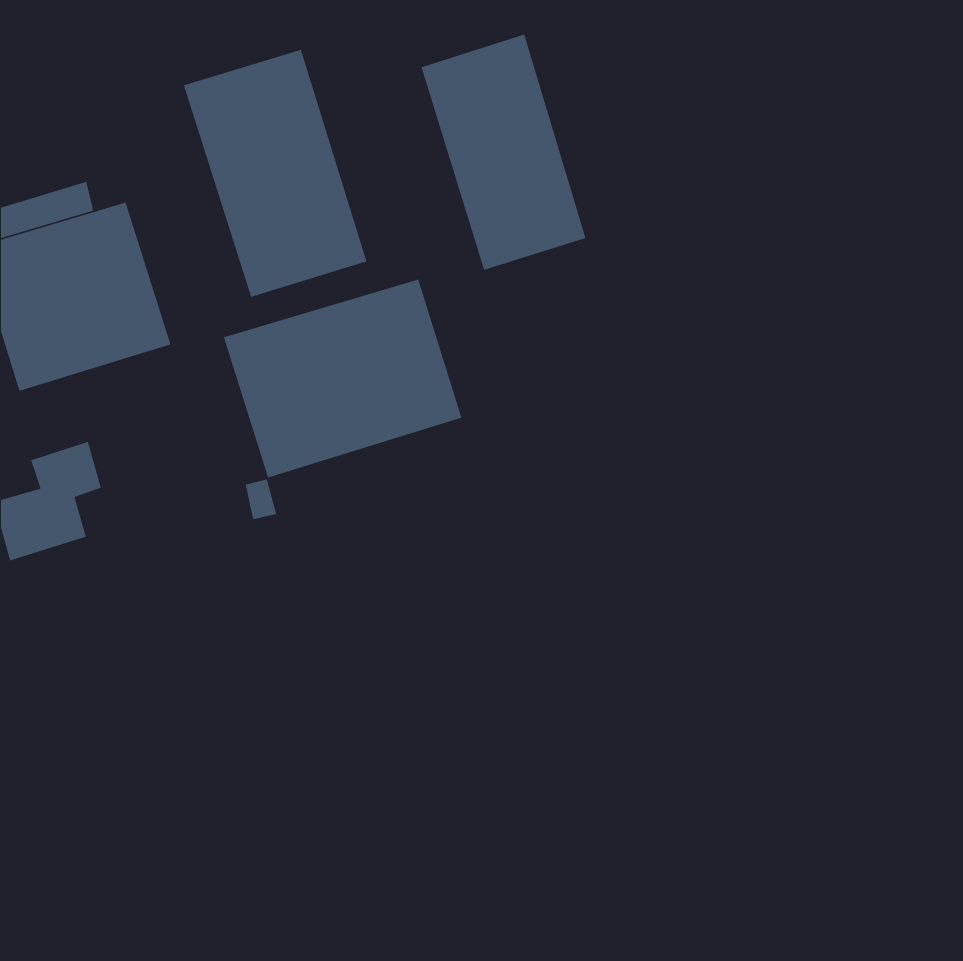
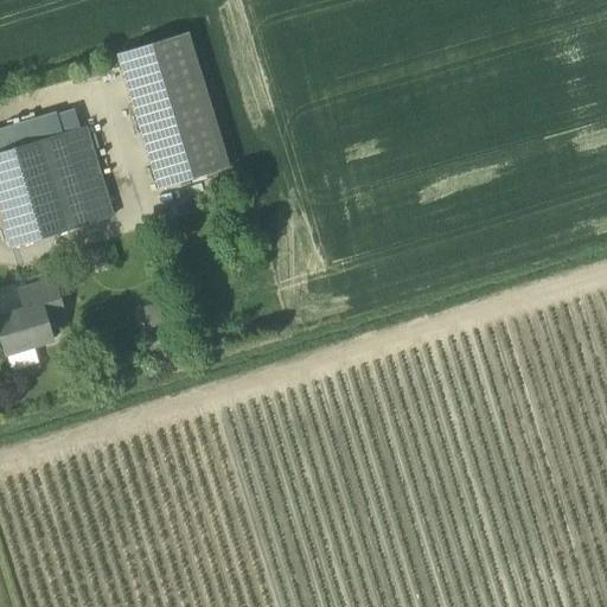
building: [420,34,587,271] -> none
building: [223,278,462,479] -> none

